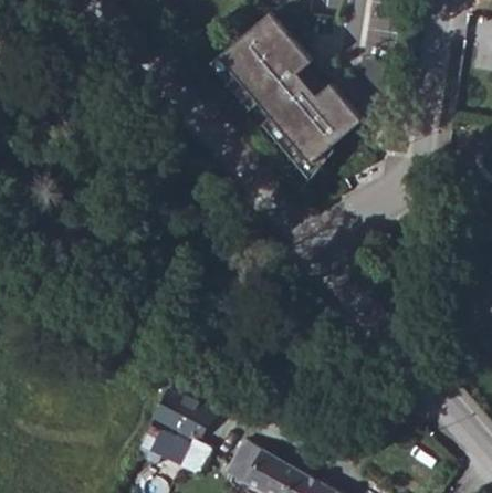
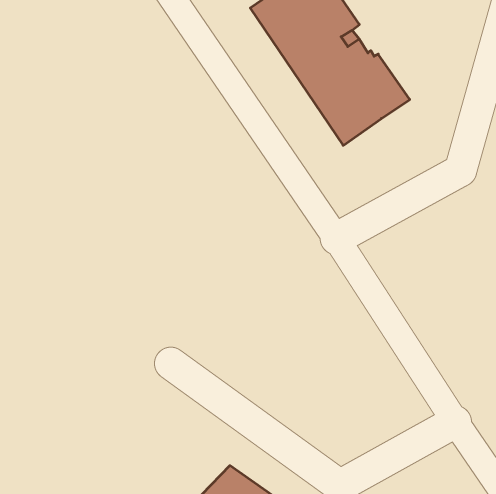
building: [151,388,214,469] -> none

